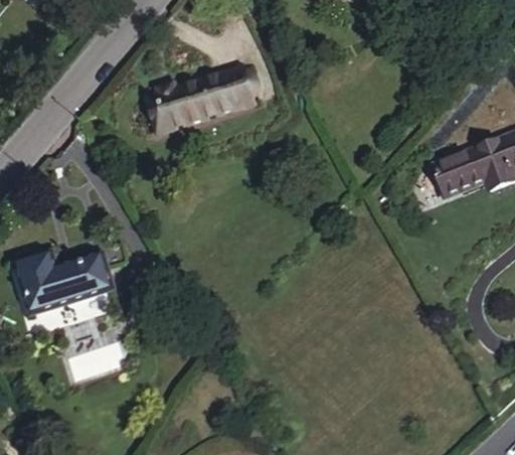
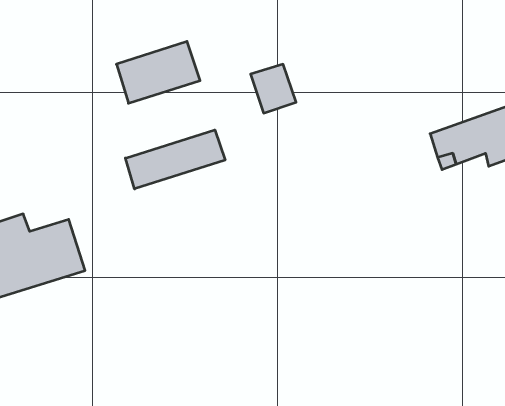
building: [212,64,254,110] -> [251,64,296,113]
building: none -> [125,130,225,189]

